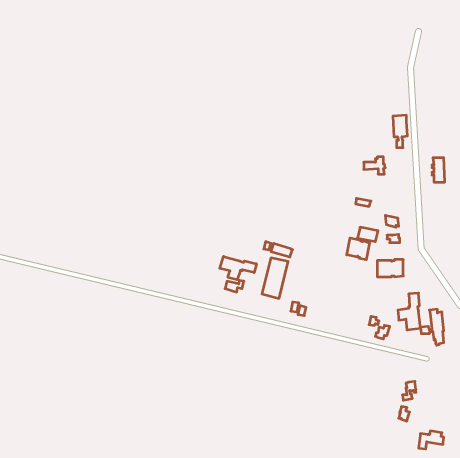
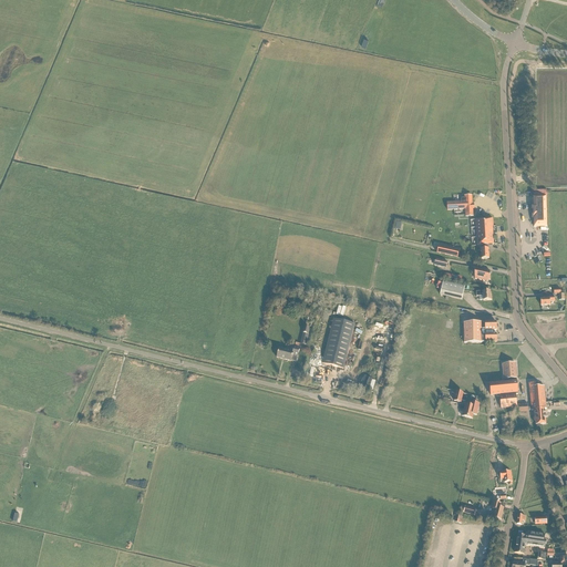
building: [393,115,407,148] -> [476,216,494,256]
building: [347,238,370,260] -> none
building: [220,256,256,280] -> none

